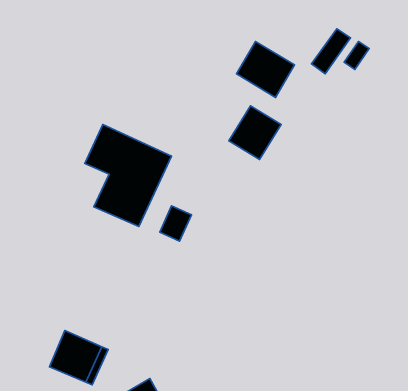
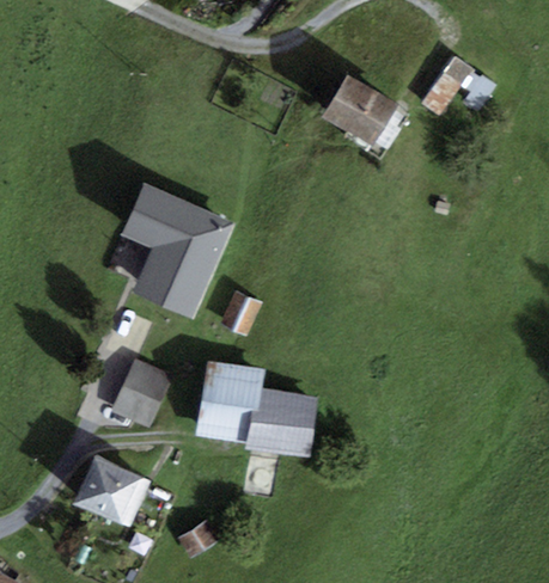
building: [229,106,281,159] -> none
building: none -> [110,357,172,426]
building: none -> [194,360,319,459]

